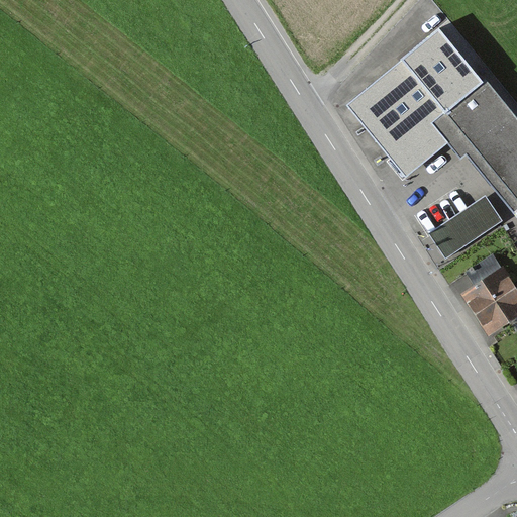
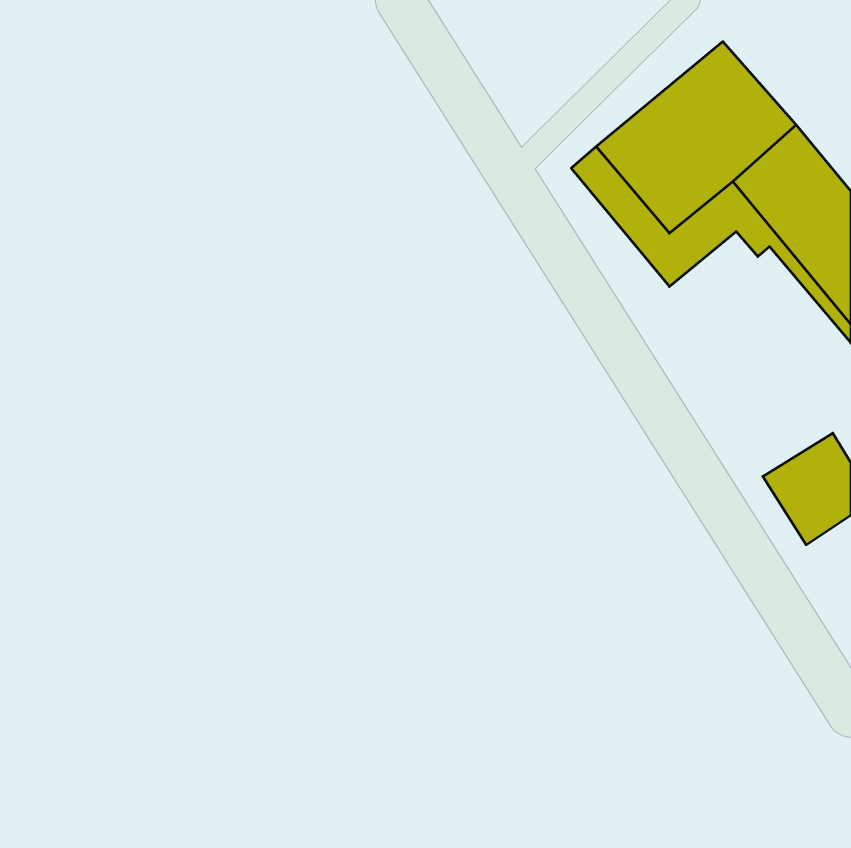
building: [429,197,503,260] -> none

